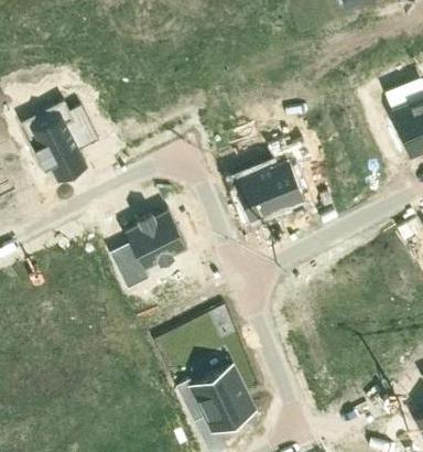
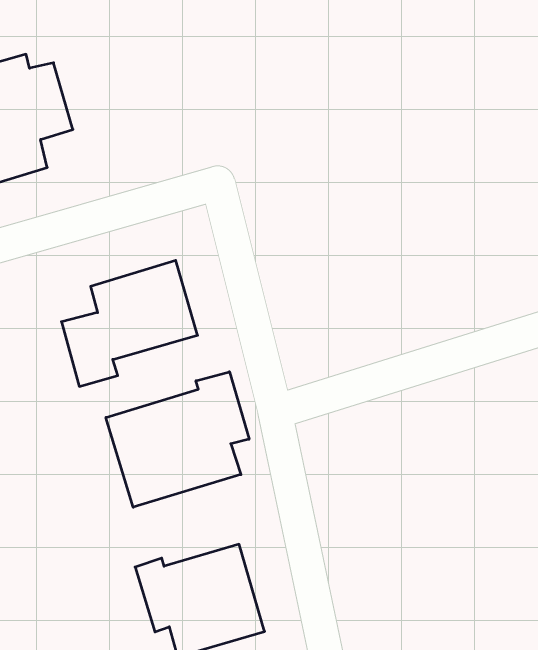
building: [235,159,305,220] -> none
building: none -> [106,372,249,507]

